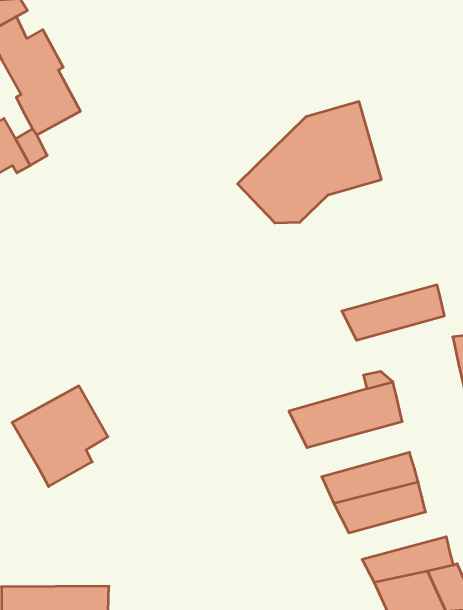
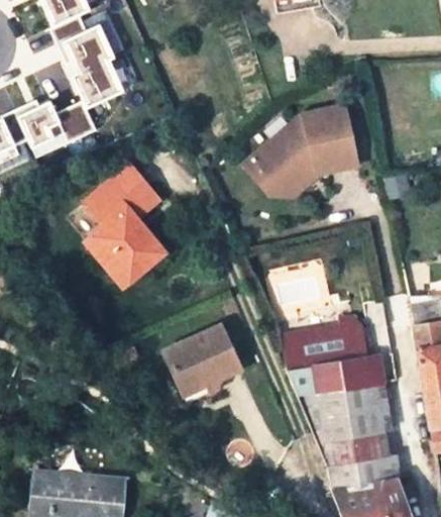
building: none -> [86,169,167,286]
building: [342,285,444,340] -> [287,361,368,401]
building: [12,386,108,487] -> [162,325,238,404]
building: none -> [315,435,393,470]

